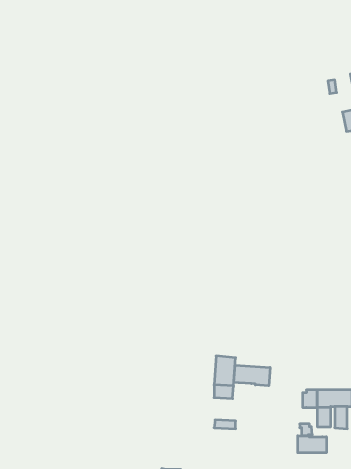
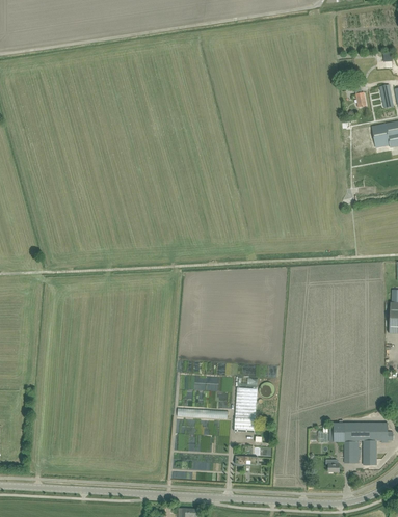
building: [234,365,270,386] -> none
building: [298,436,326,453] -> none

